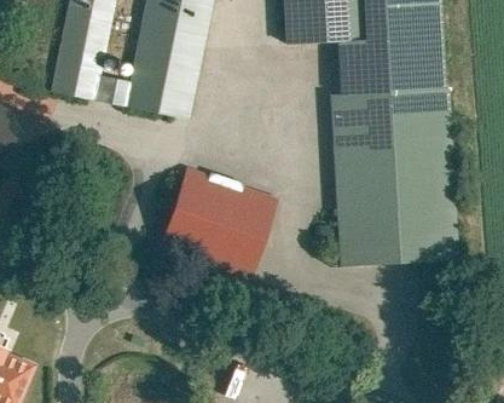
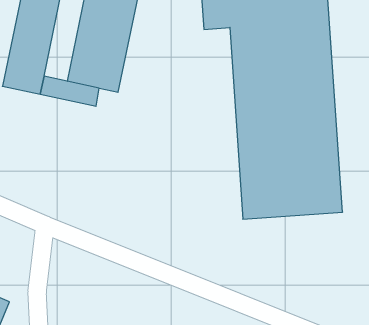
building: [156,162,277,277] -> none

